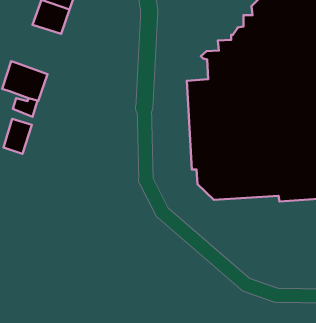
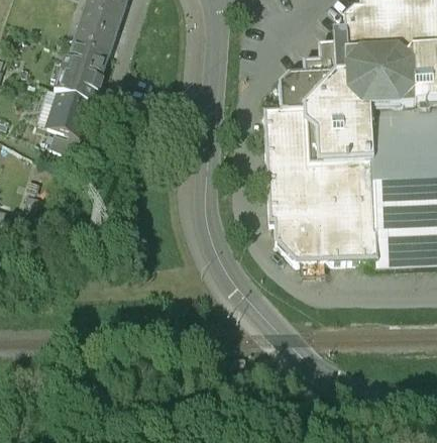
building: none -> [53,42,109,103]
building: [3,119,32,154] -> none

